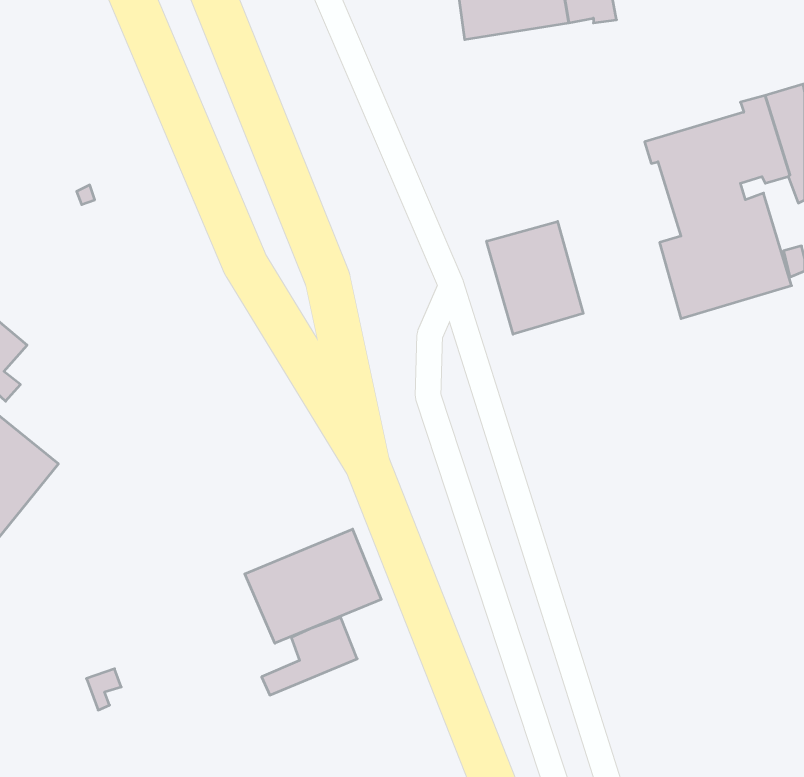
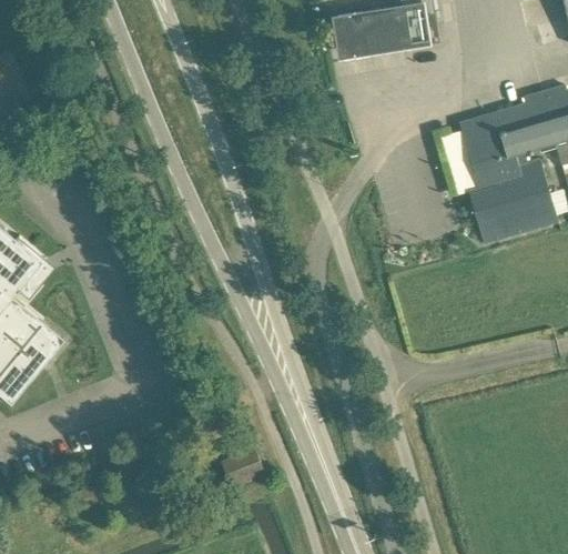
building: [487,221,583,334] -> none
building: [245,529,381,643] -> none

